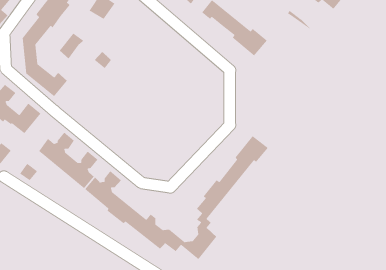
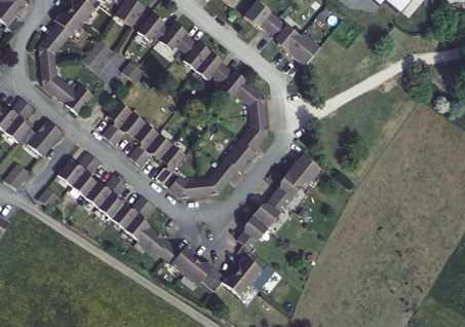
building: none -> [103,12,268,197]

